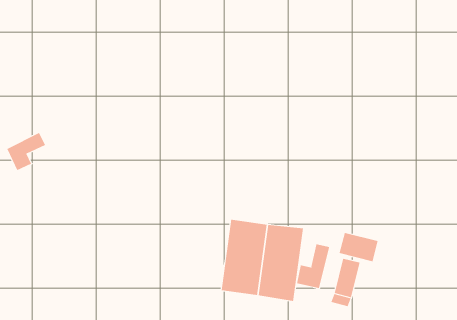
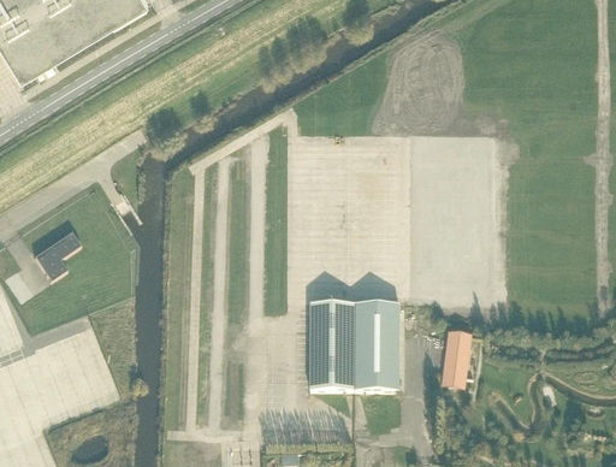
building: [339,232,378,262] -> none
building: [296,243,330,289] -> none

